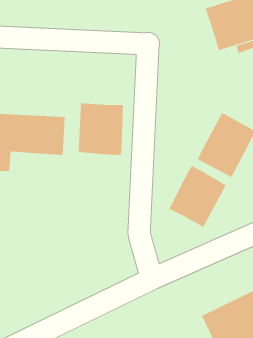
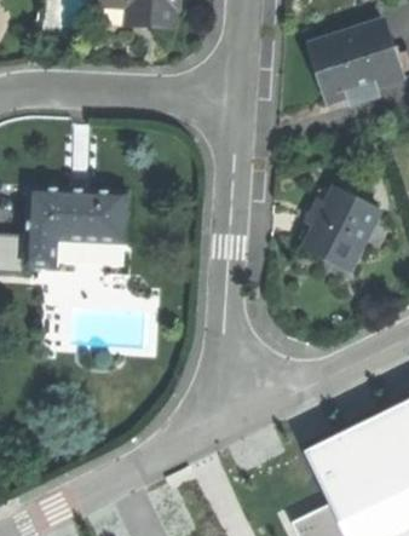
building: [78,103,124,156] -> none
building: [168,165,227,228] -> none

